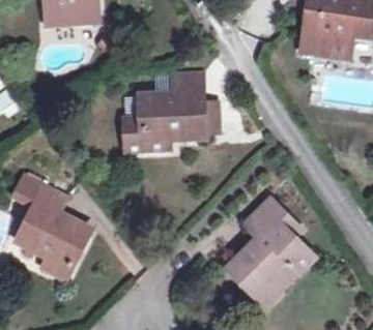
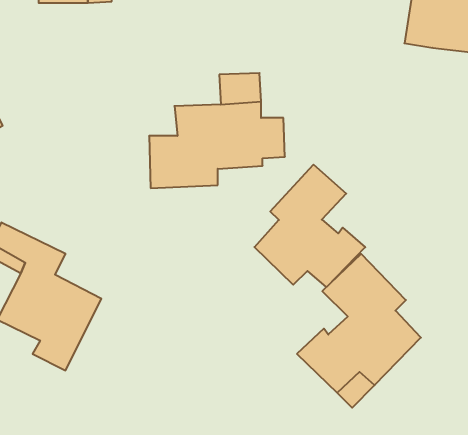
building: none -> [254,165,365,287]

